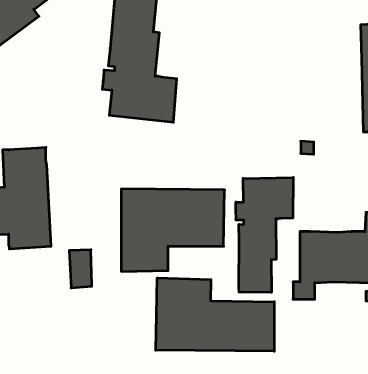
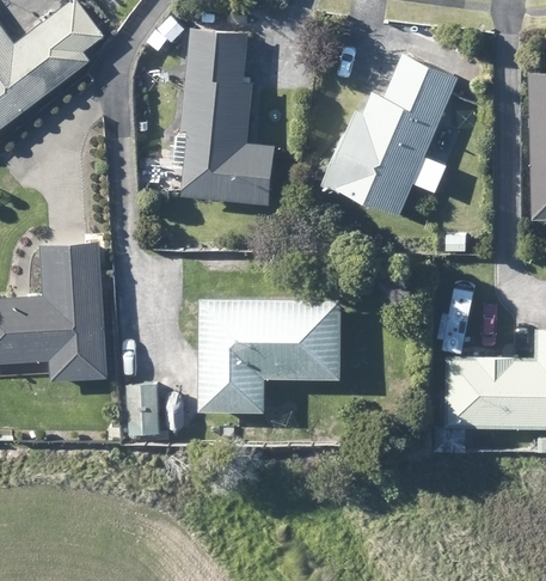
building: none -> [323,53,459,215]
building: [236,177,293,292] -> none
building: [156,278,274,351] -> none

